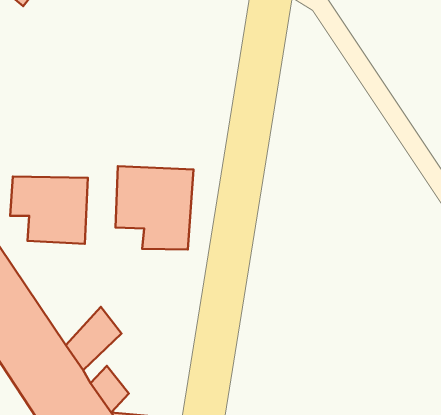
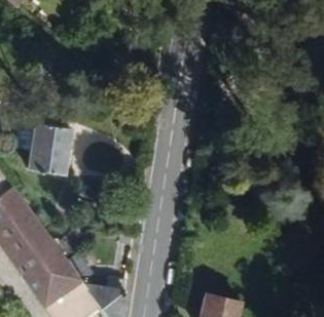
building: [115,166,193,250] -> none

